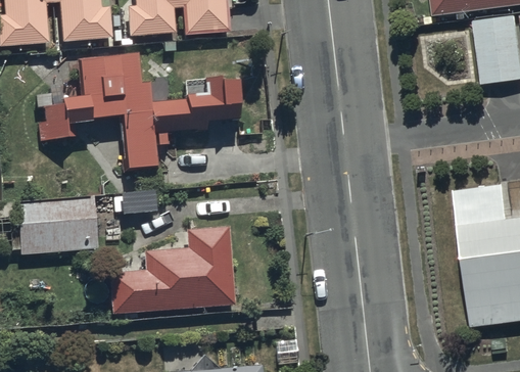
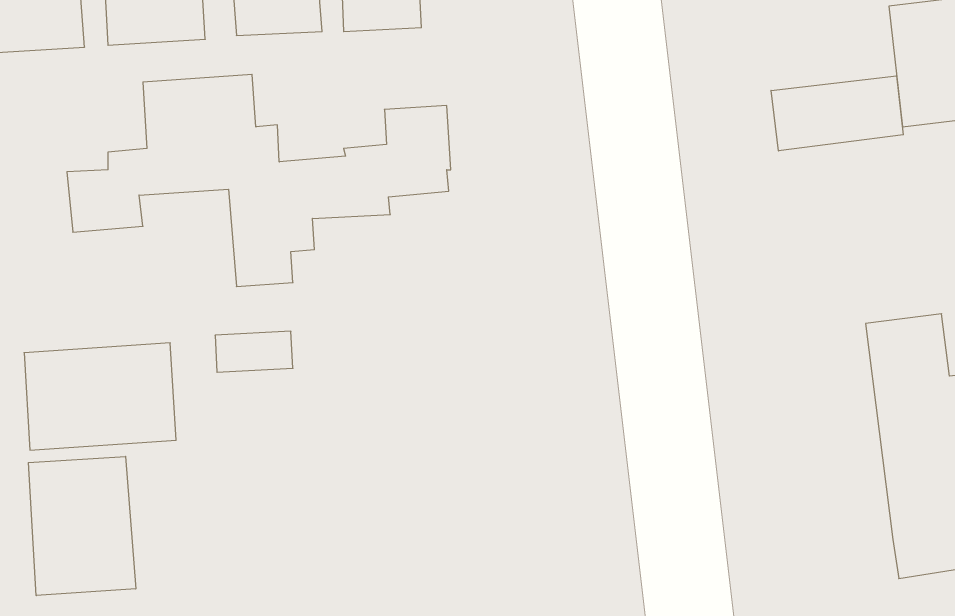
building: none -> [771,76,903,151]
building: [109,226,237,314] -> none
building: none -> [28,456,136,596]

